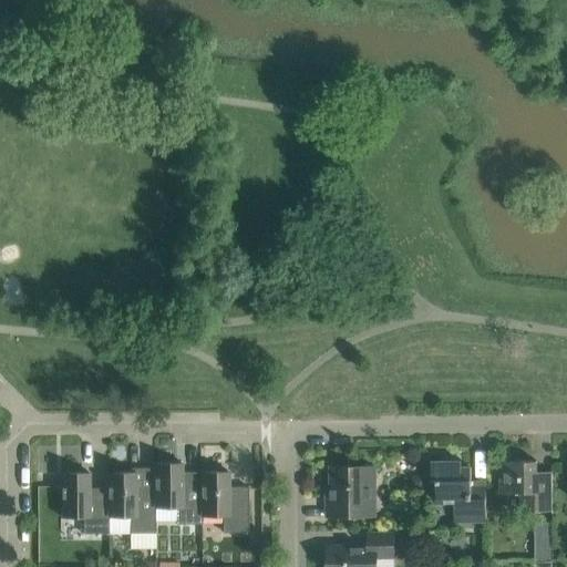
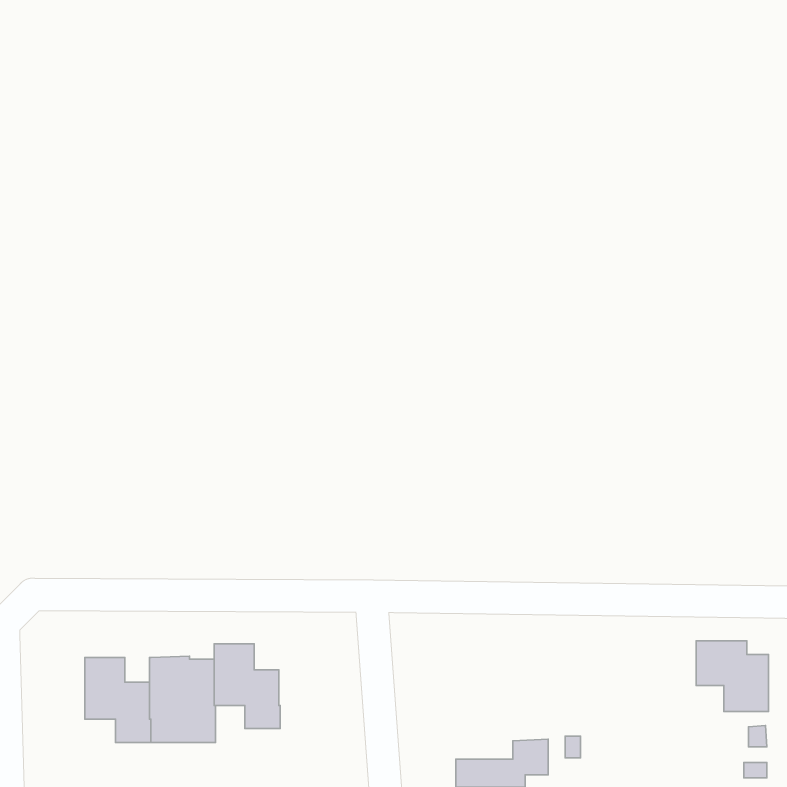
building: [432,461,486,522] -> none
building: [328,466,375,516] -> none
building: [200,472,248,533] -> none

